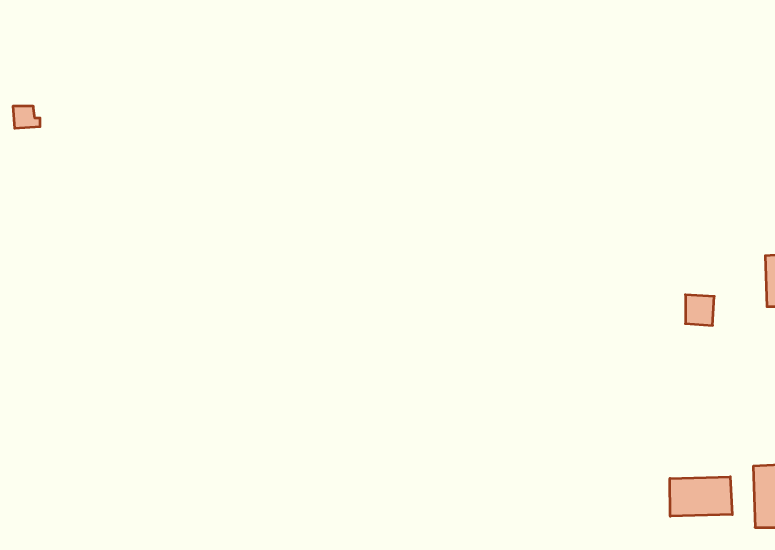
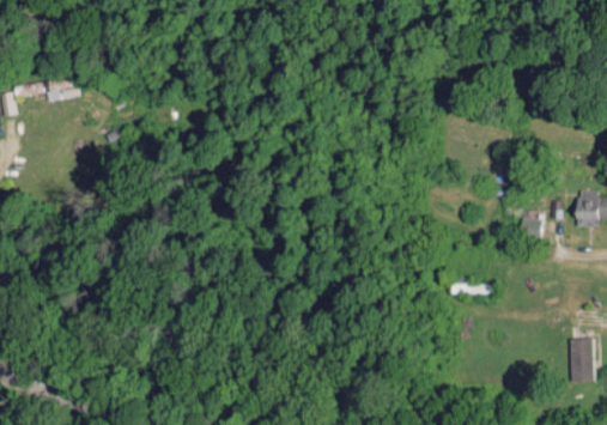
building: [670,477,732,516] -> none

